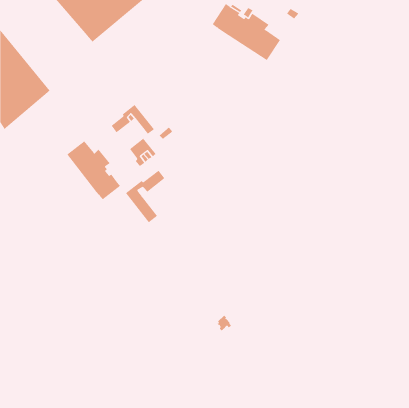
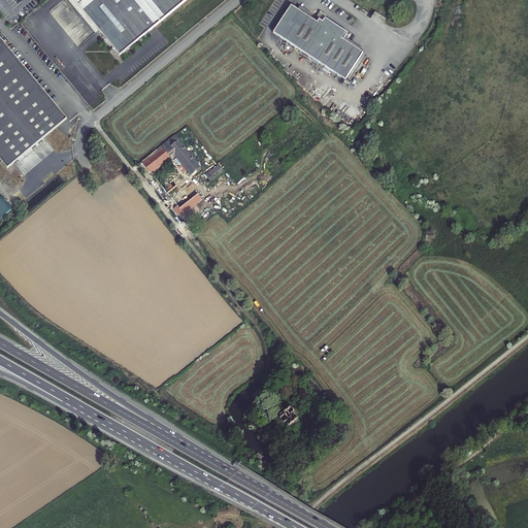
building: [66,140,121,200] -> none
building: [125,170,165,223] -> none

